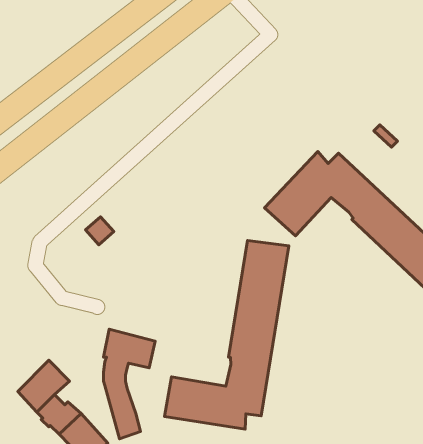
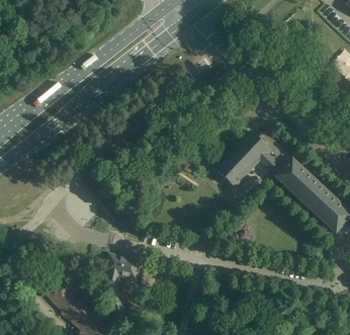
building: [164,240,289,429] -> none

